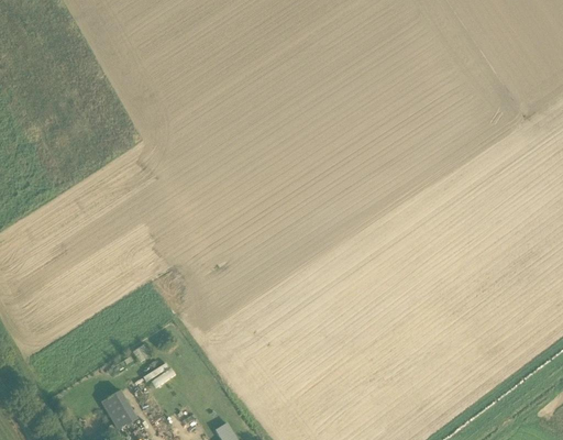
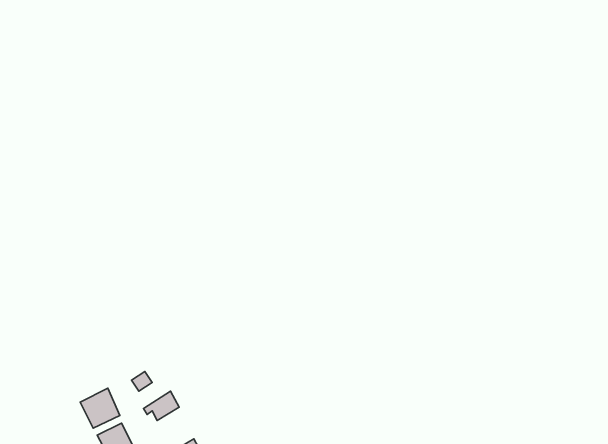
building: none -> [80,388,120,428]

